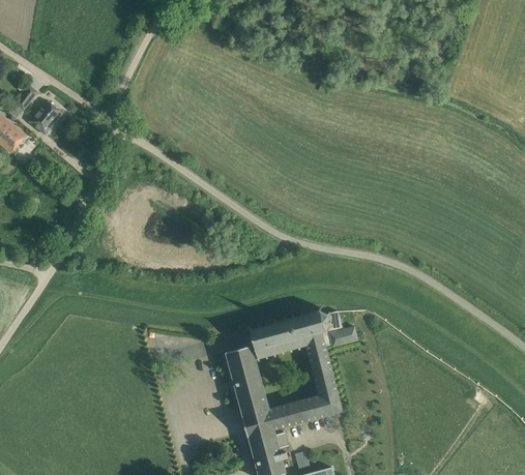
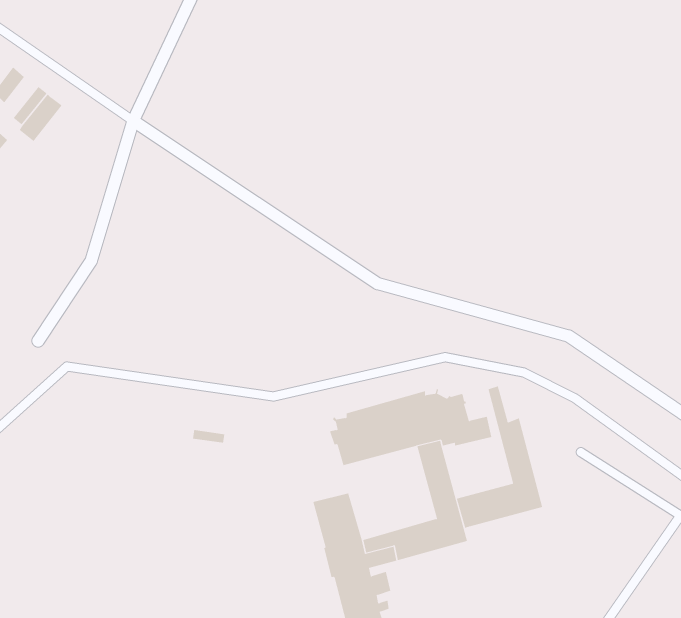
building: none -> [456,385,543,528]
building: [226,345,259,384] -> none

